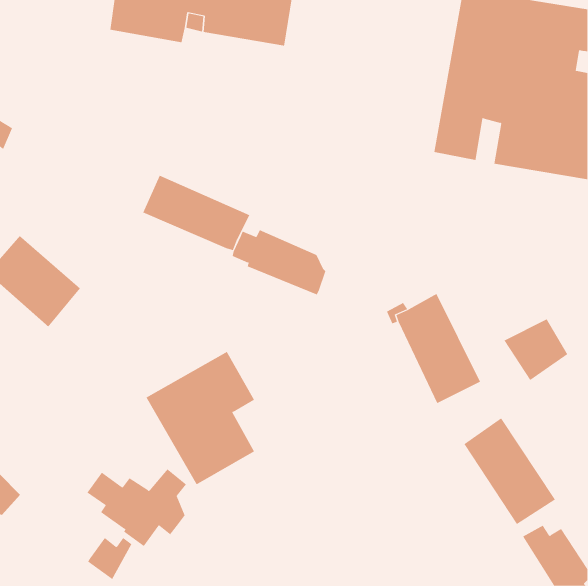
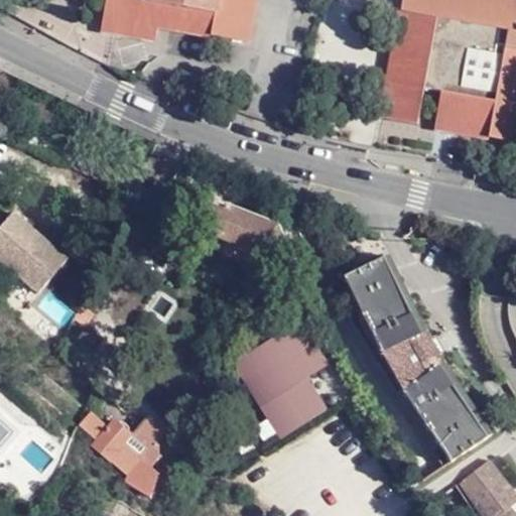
building: [142,175,250,251] -> none
building: [503,319,568,381] -> [382,334,438,388]
building: [145,351,255,485] -> [232,320,328,437]
building: [87,537,132,580] -> [124,460,163,497]

